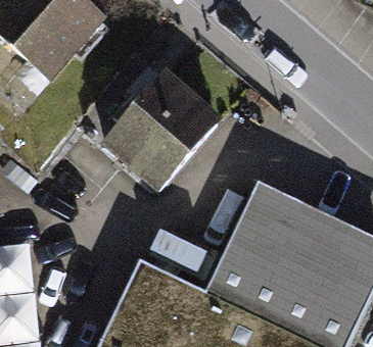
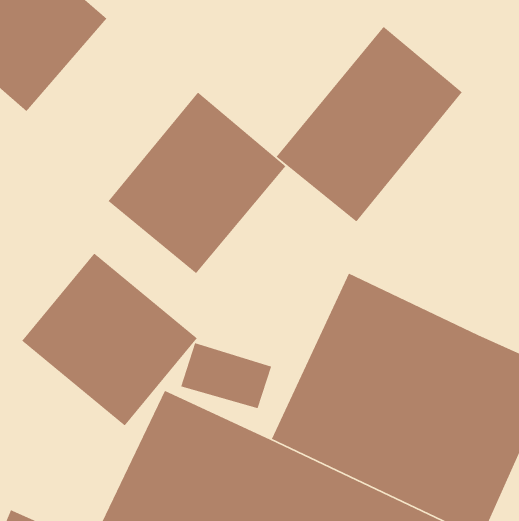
building: none -> [276,26,463,222]
building: none -> [21,252,198,427]

